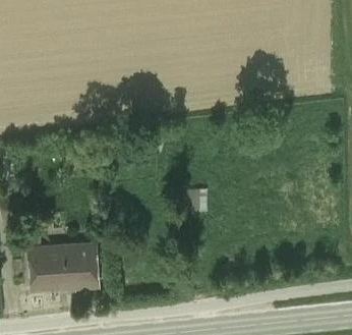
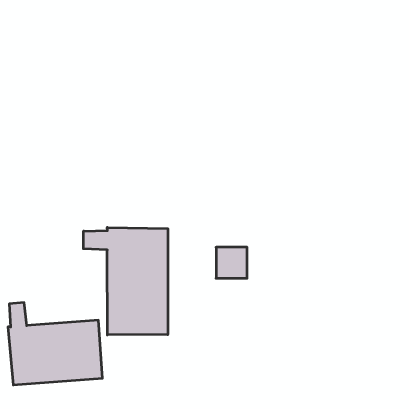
building: none -> [83,227,168,335]

